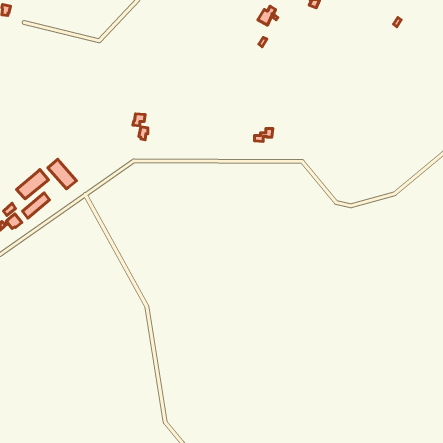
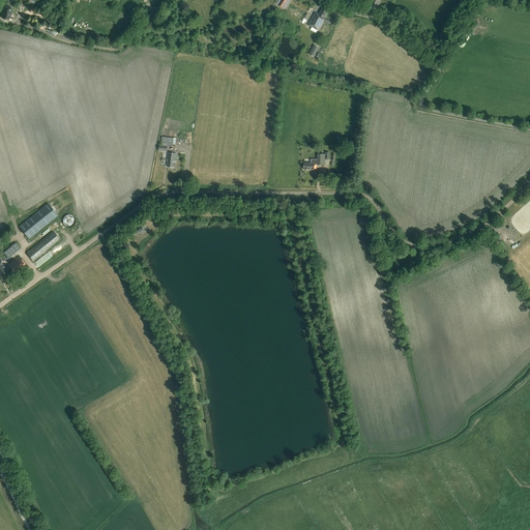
building: [48,159,76,189] -> none

